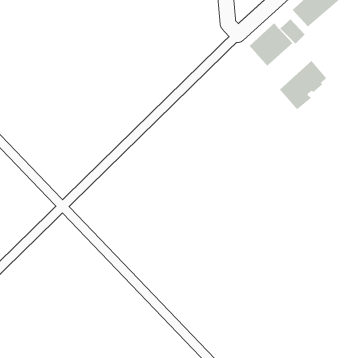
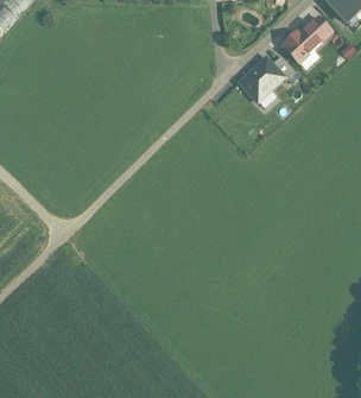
building: [279,60,327,110] -> none

